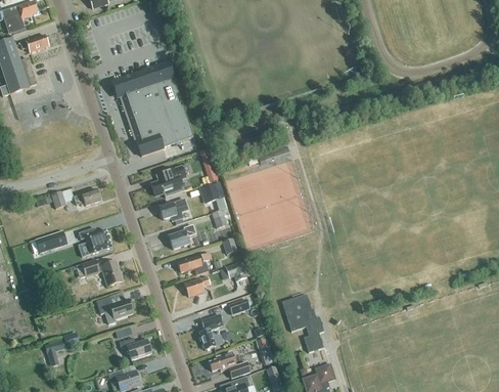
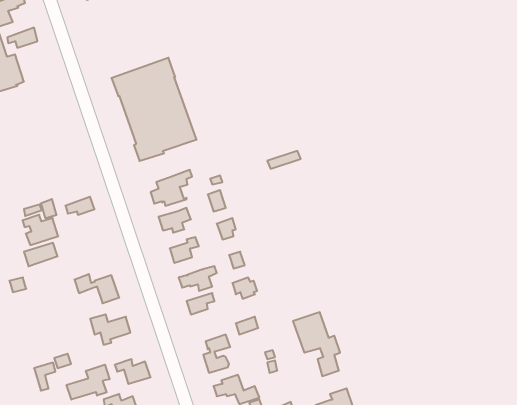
building: [79,227,111,255] -> [22,215,58,245]
building: none -> [67,365,110,400]

